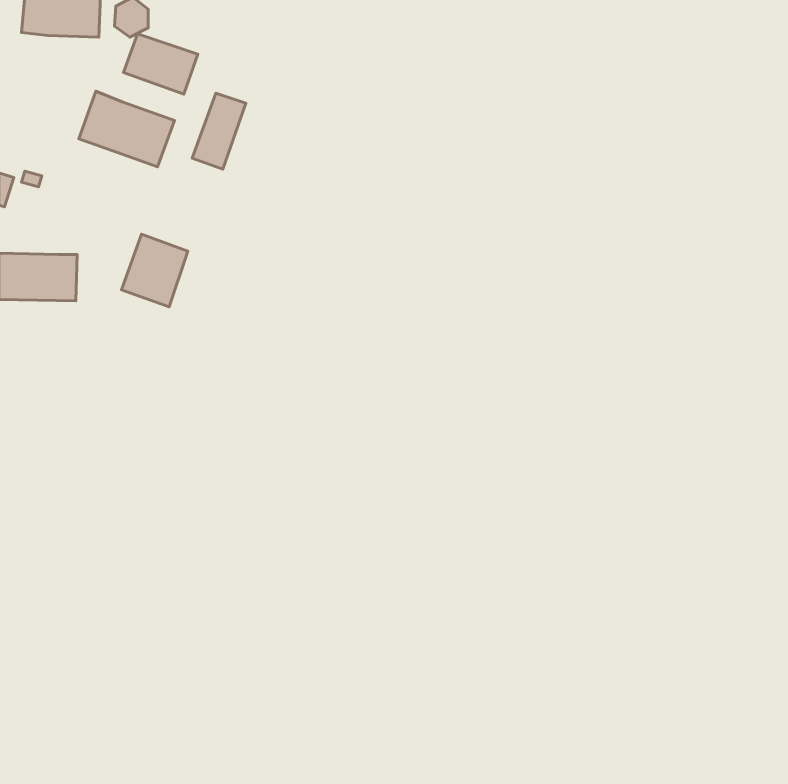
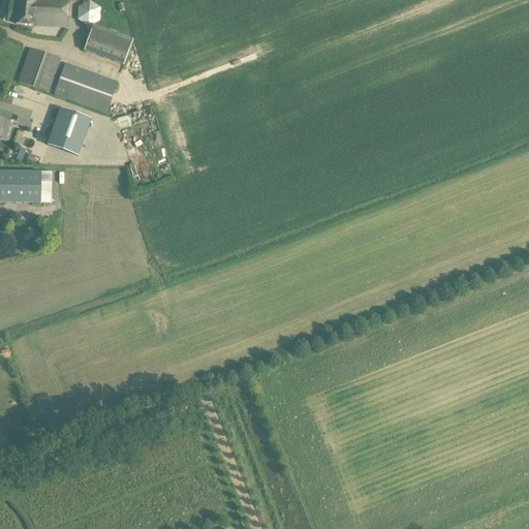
building: none -> [17,46,59,91]
building: [192,93,246,169] -> none
building: [121,234,188,307] -> [45,107,90,156]

